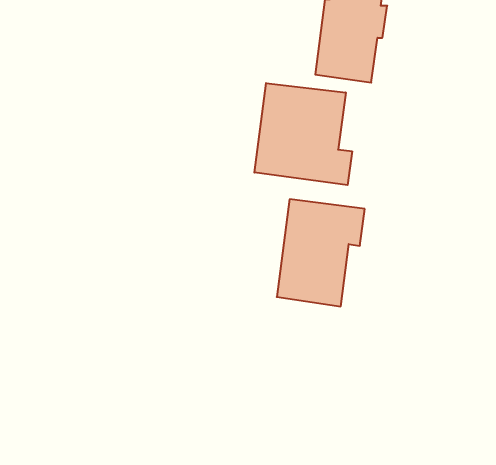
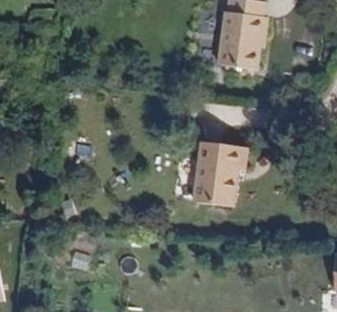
building: [254,83,352,185] -> none

